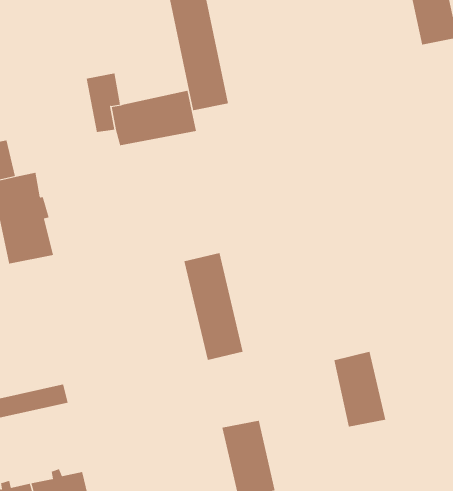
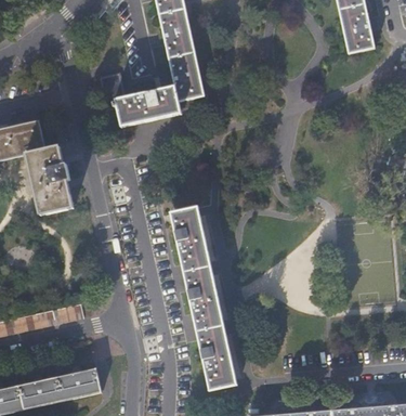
building: [334,351,386,427] -> [187,280,226,336]

